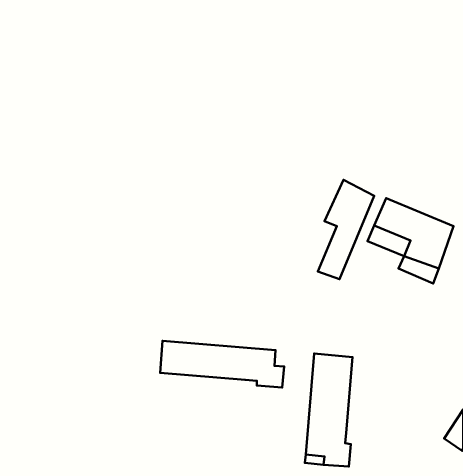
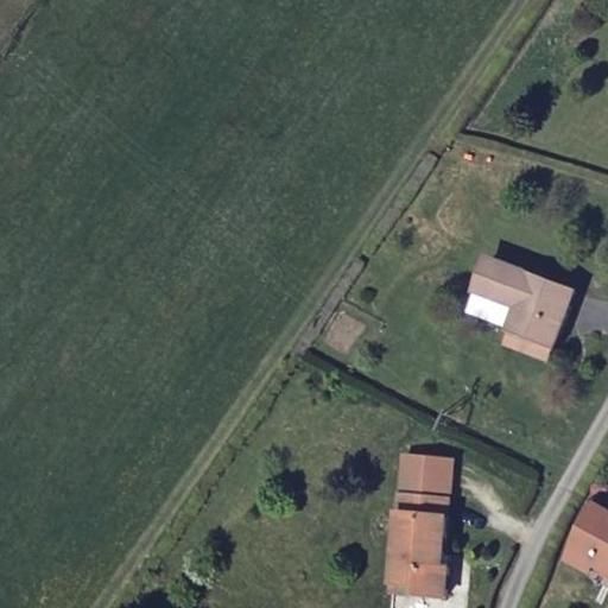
building: [318,180,374,279] -> none
building: [160,341,284,388] -> none

